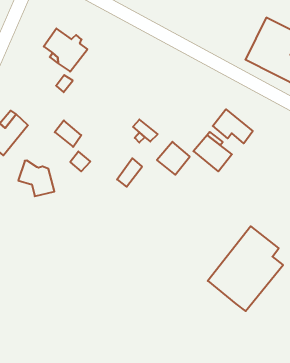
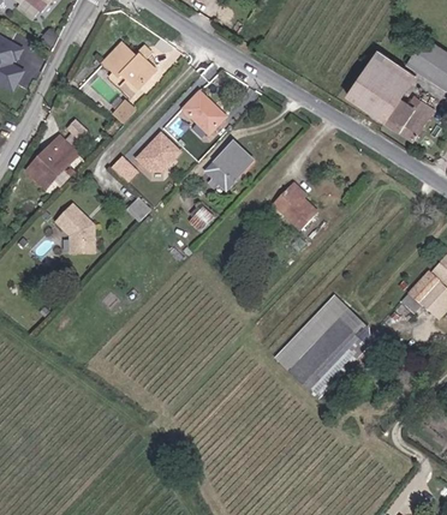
building: none -> [180,90,225,134]
building: none -> [135,127,183,174]
building: [213,109,253,143] -> none
building: [157,142,190,175] -> [214,140,254,180]

